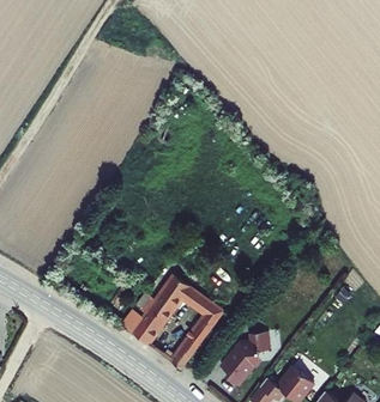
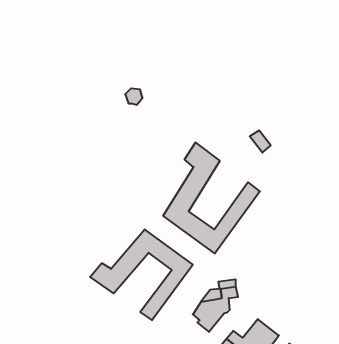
building: none -> [163,142,260,253]

